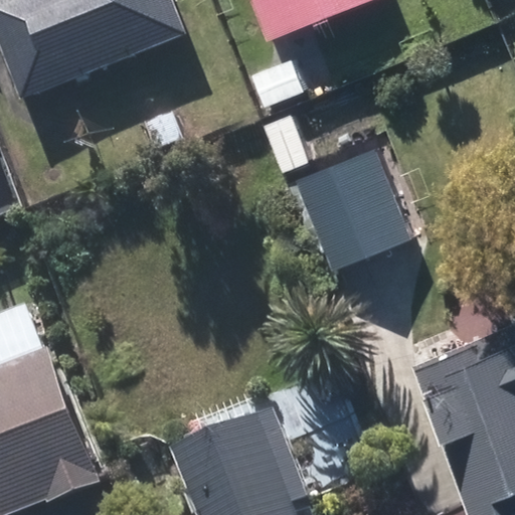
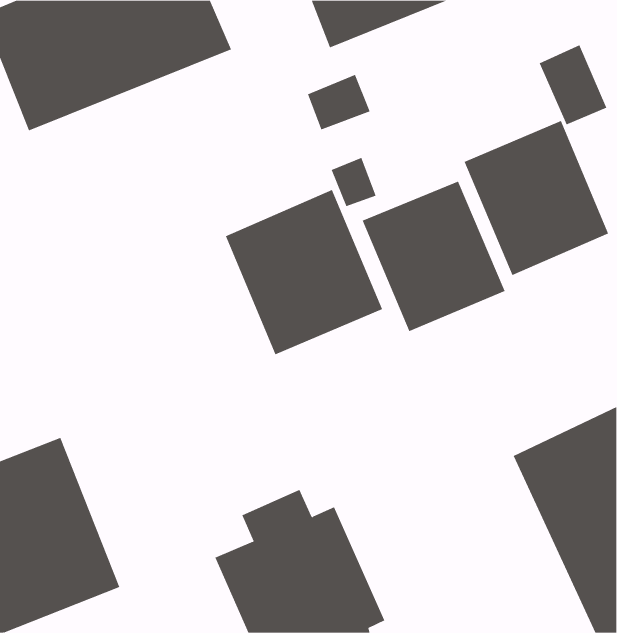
building: none -> [464,120,609,276]
building: none -> [225,189,383,355]

